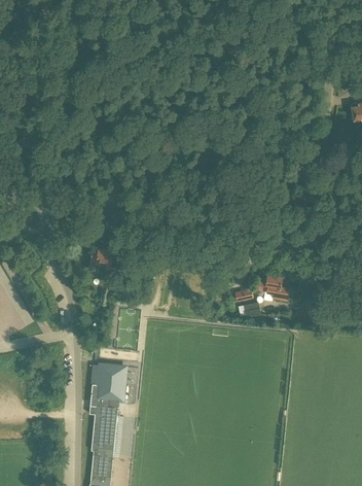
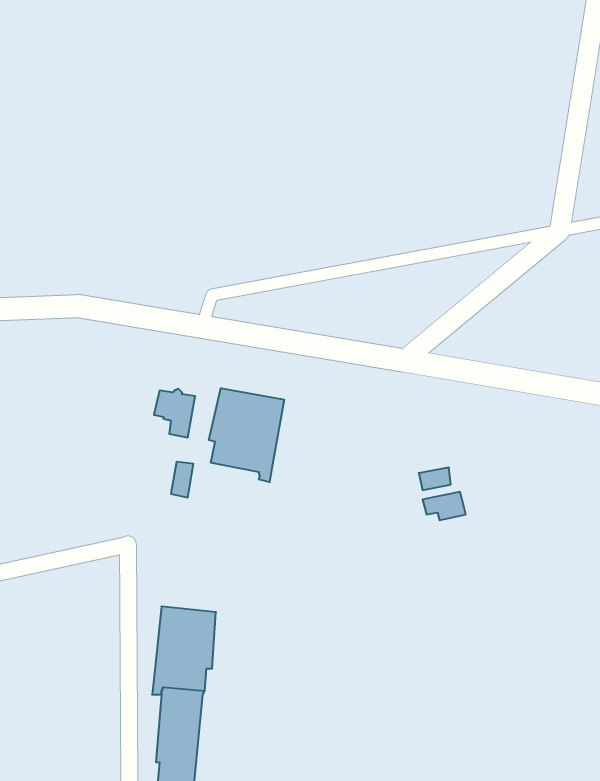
building: none -> [209,388,284,482]
building: [258,275,289,300] -> none

